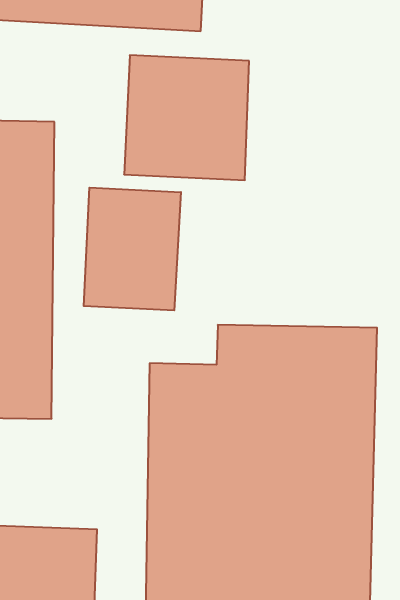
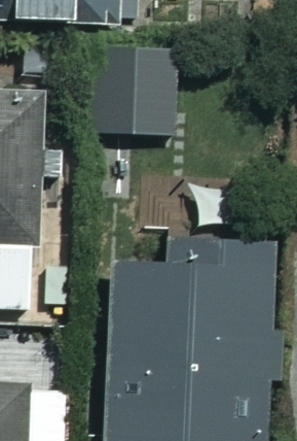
building: [84,188,181,310] -> none

